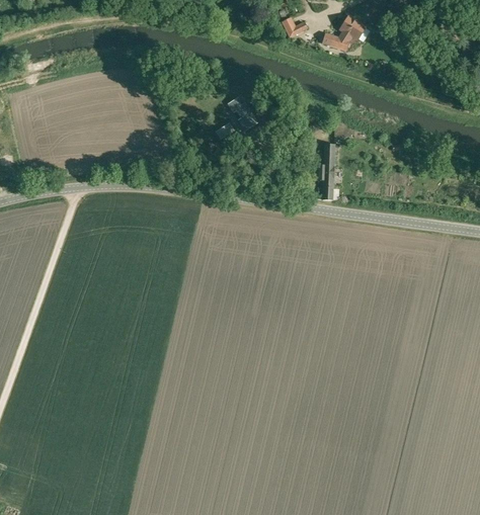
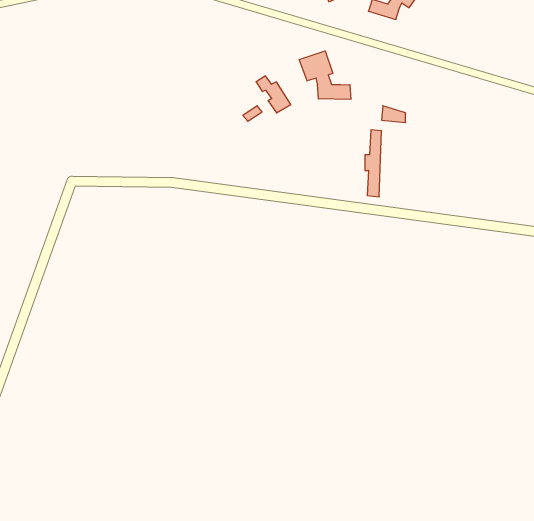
building: none -> [299,51,351,99]

